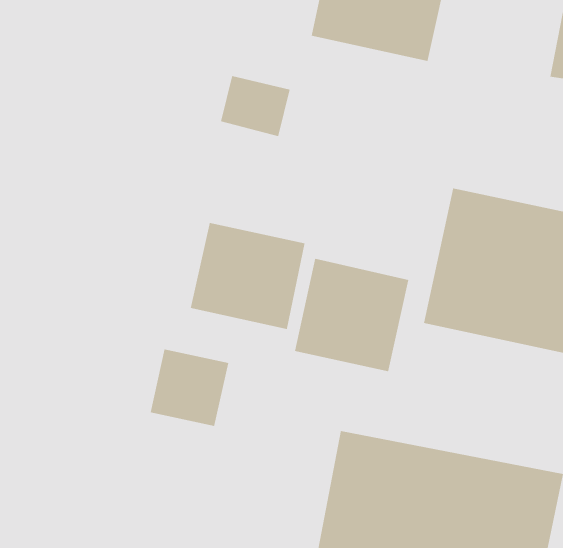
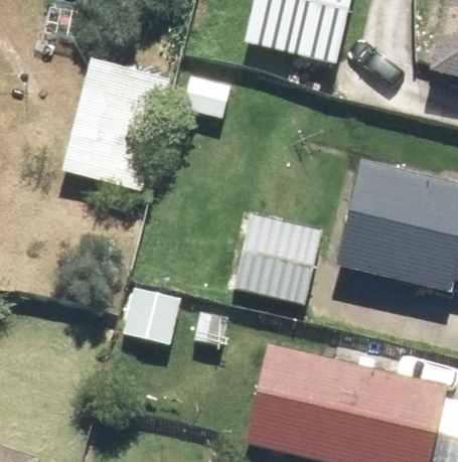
building: none -> [65,54,168,184]
building: [190,222,305,330] -> none

